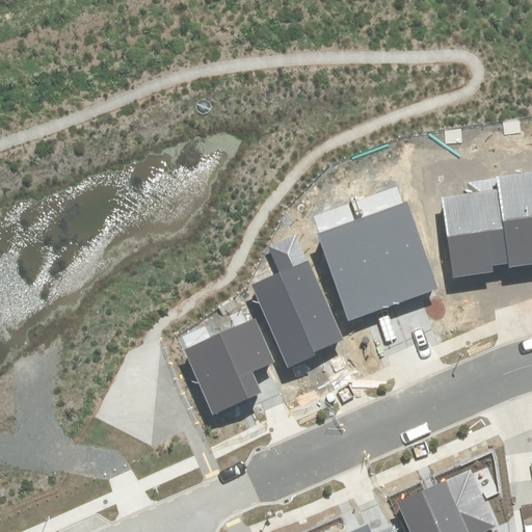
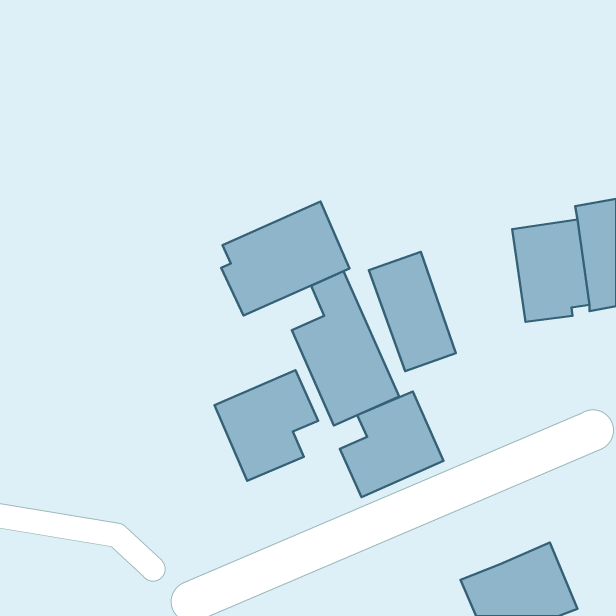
building: none -> [221,202,350,316]
building: [363,202,437,304] -> none
building: none -> [340,391,443,497]

